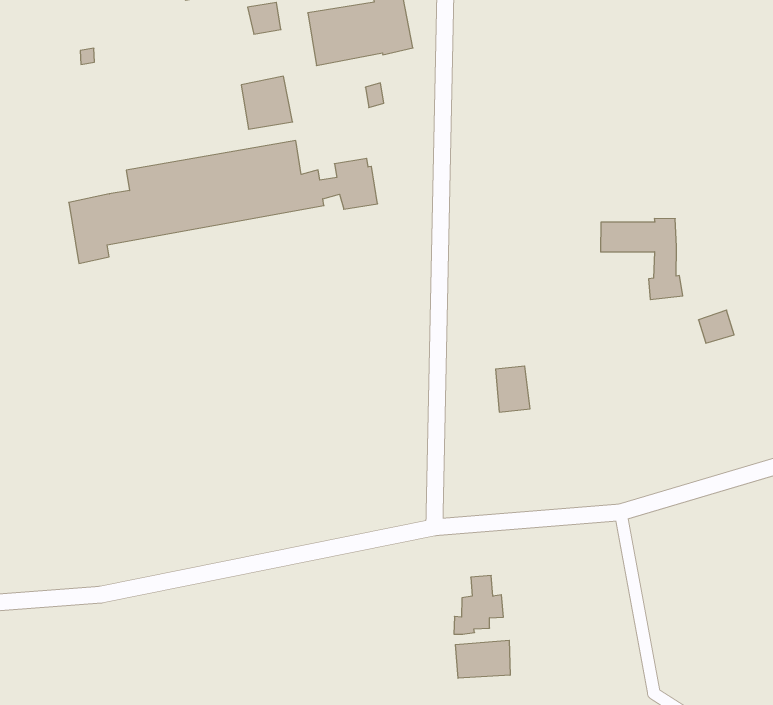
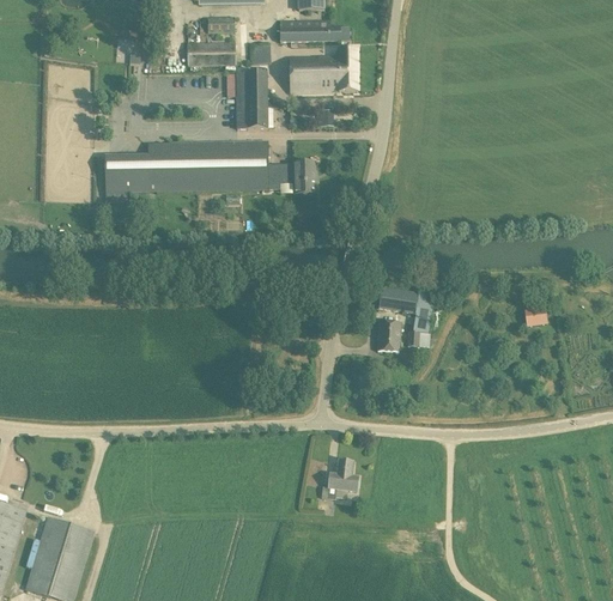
building: none -> [187,43,233,65]
building: none -> [236,73,266,97]
building: [601,219,683,300] -> [377,287,432,347]
building: [455,640,510,678] -> none

